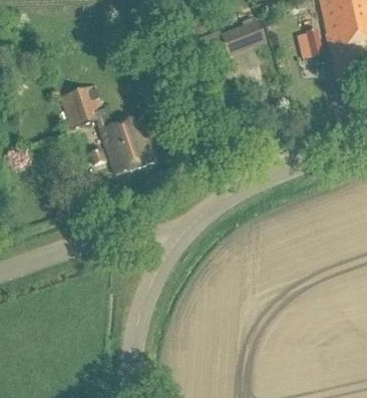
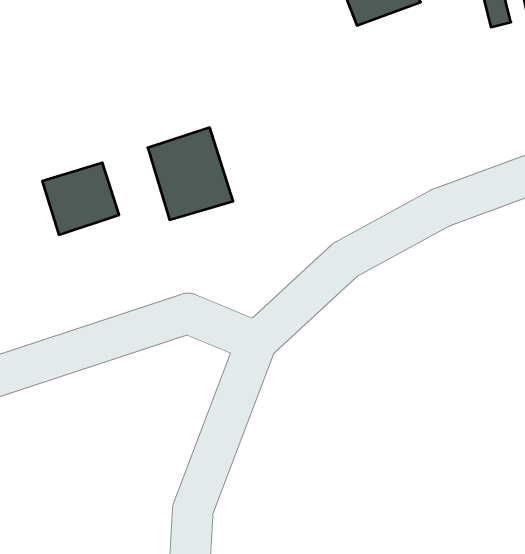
building: [58,83,104,126] -> [42,163,119,235]

